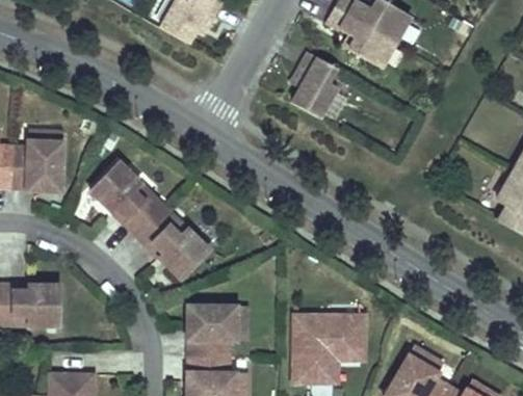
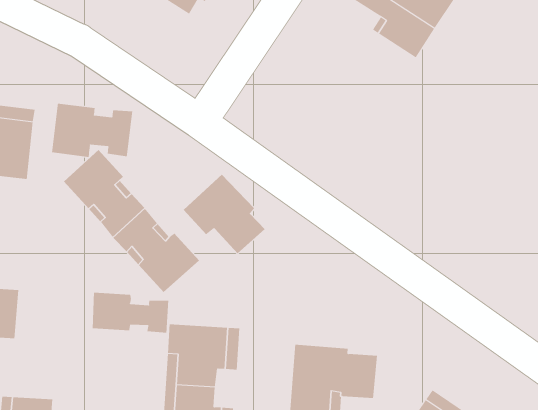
building: [293,52,339,118] -> none
building: none -> [51,103,133,158]
building: none -> [183,174,265,254]
building: none -> [92,292,169,333]

